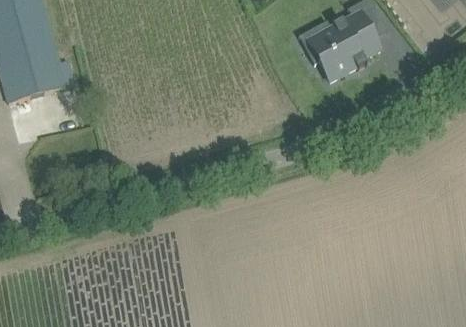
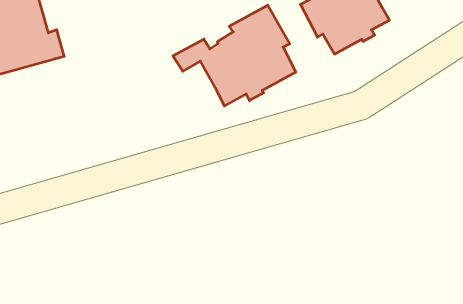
building: none -> [173,5,296,106]

